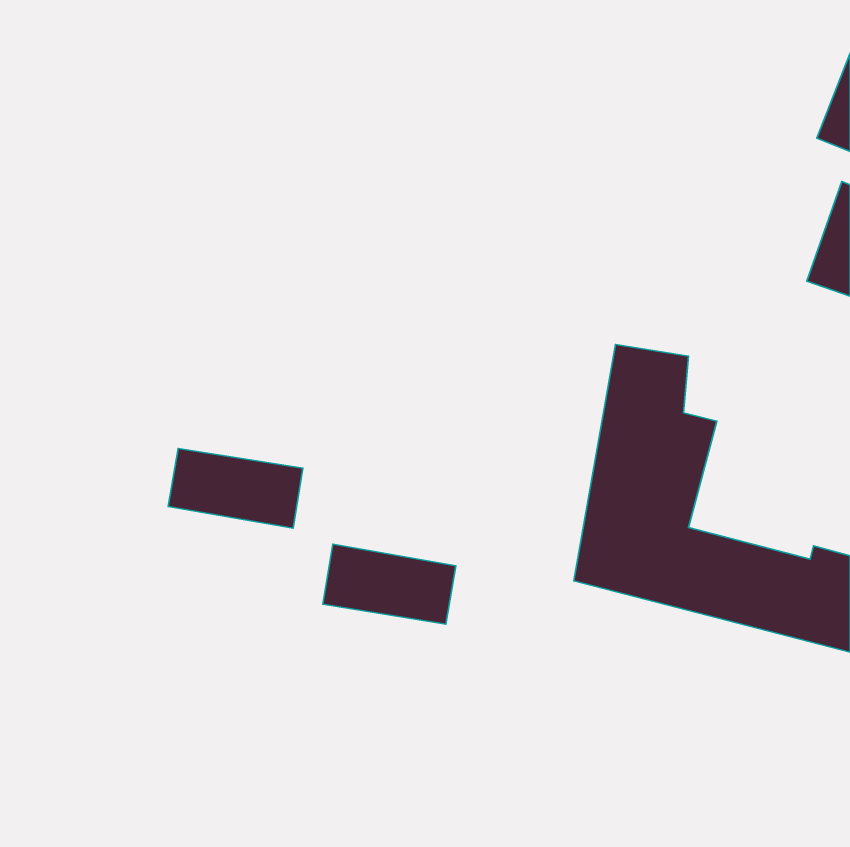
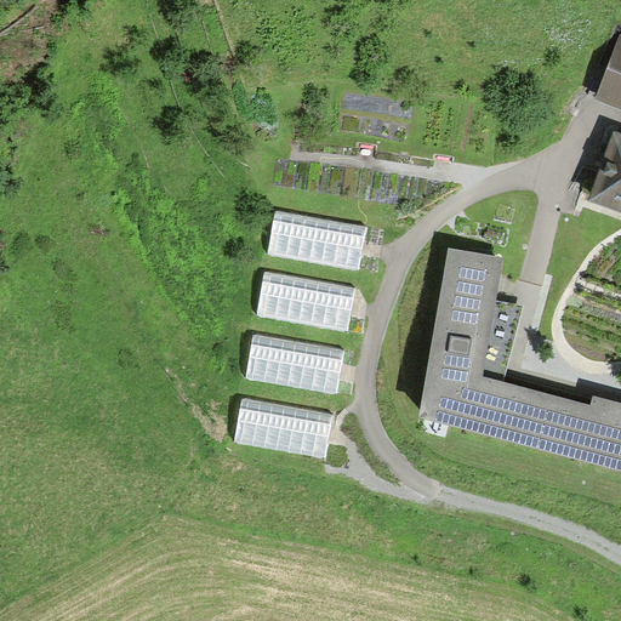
building: none -> [268,210,365,268]
building: none -> [257,269,355,327]
building: [168,448,303,528] -> [246,334,344,392]

